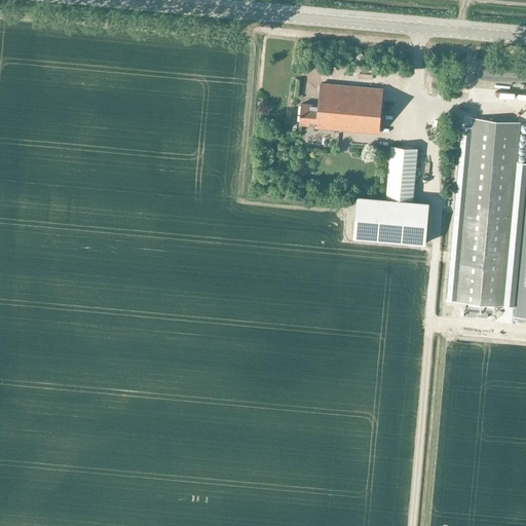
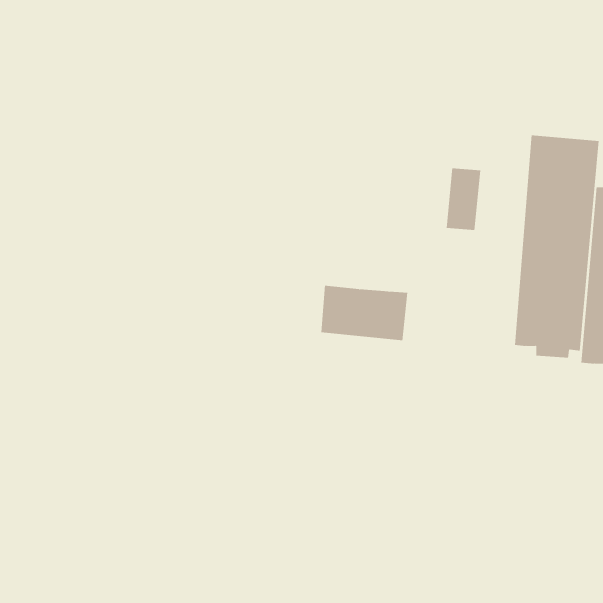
building: [301,84,384,134] -> none
building: [354,196,430,245] -> [321,285,408,341]

